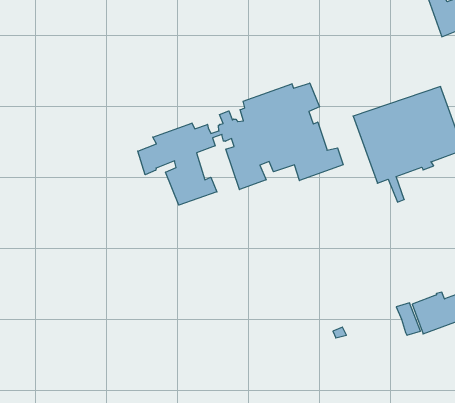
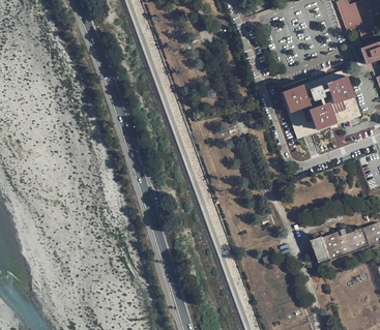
building: [138,83,343,205] -> none

